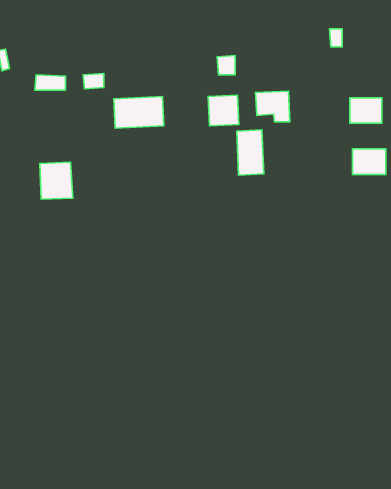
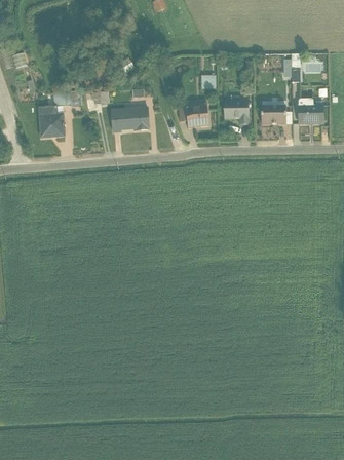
building: [237,130,264,175] -> none
building: [353,149,386,174] -> [262,105,289,125]
building: [40,162,73,199] -> [39,105,66,135]

